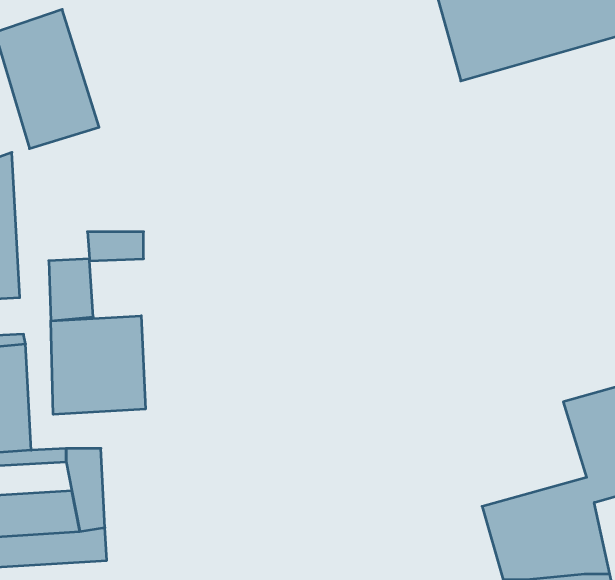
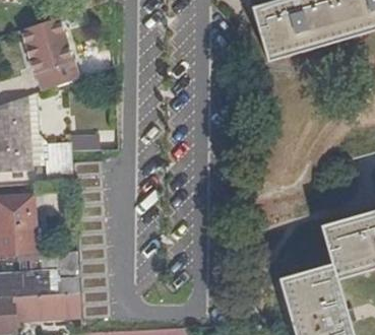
building: [51,316,145,414] -> none

